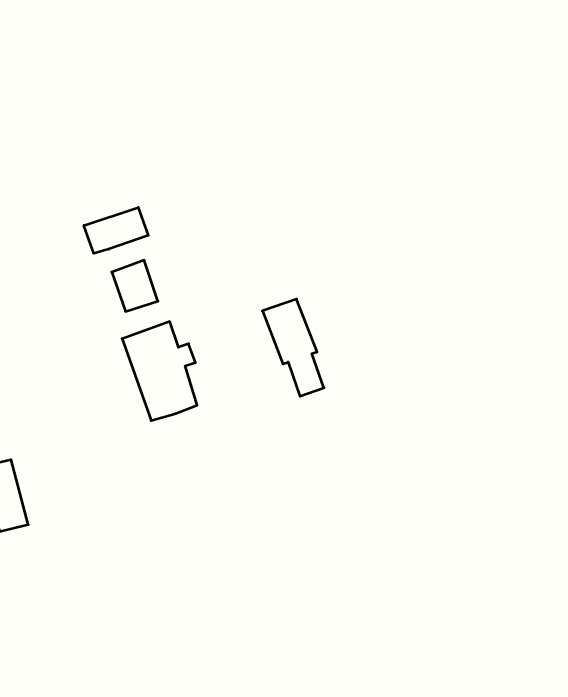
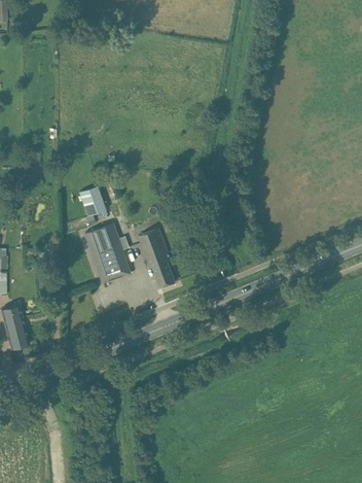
building: [84,207,148,253] -> none
building: [262,299,324,396] -> [138,228,175,286]

